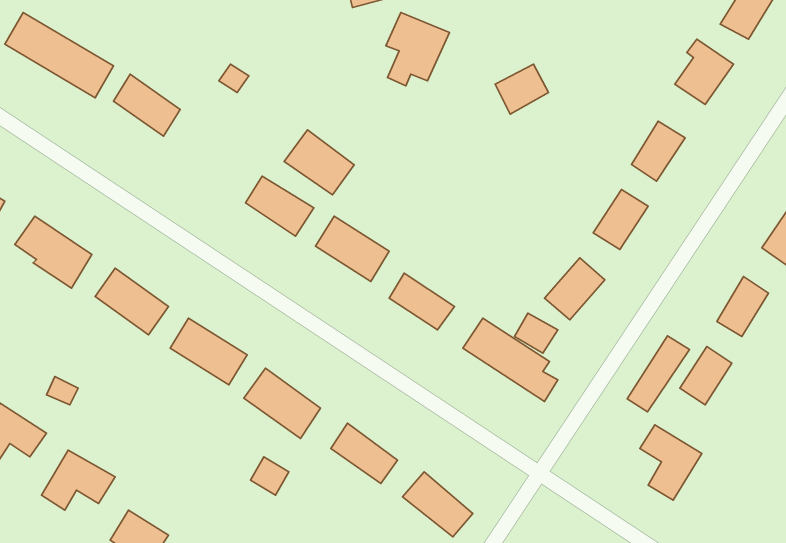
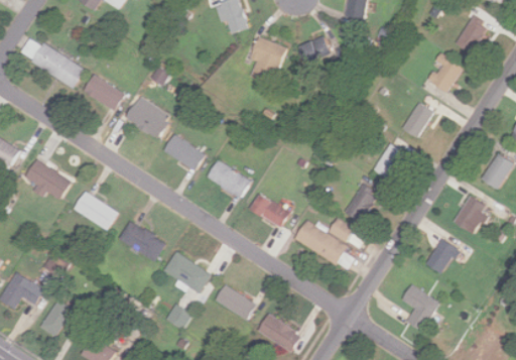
building: [495,64,549,114] -> [300,34,333,65]
building: [284,130,354,195] -> [125,99,167,138]
building: [627,336,689,412] -> none

